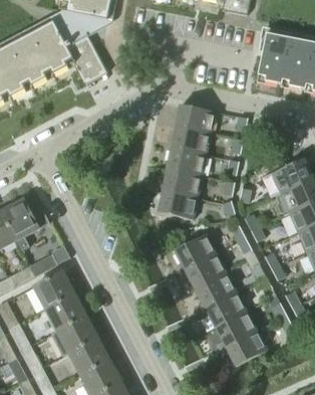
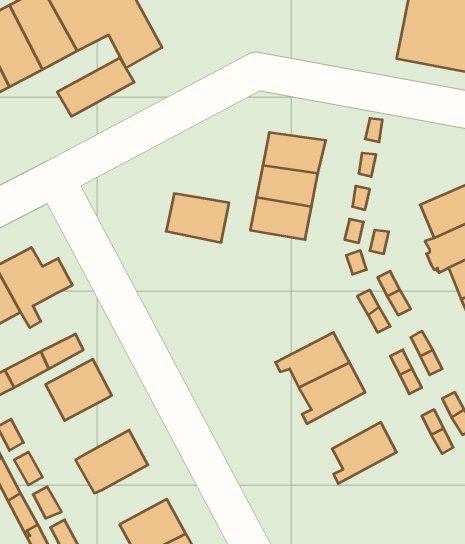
building: none -> [57,58,134,116]
building: [175,104,214,130] -> none
building: [158,187,198,218] -> [166,194,229,242]
building: [174,232,216,271] -> none
building: [199,290,246,327] -> none
building: [44,292,85,331] -> none
building: [219,329,267,365] -> none
building: [68,337,109,375] -> none

